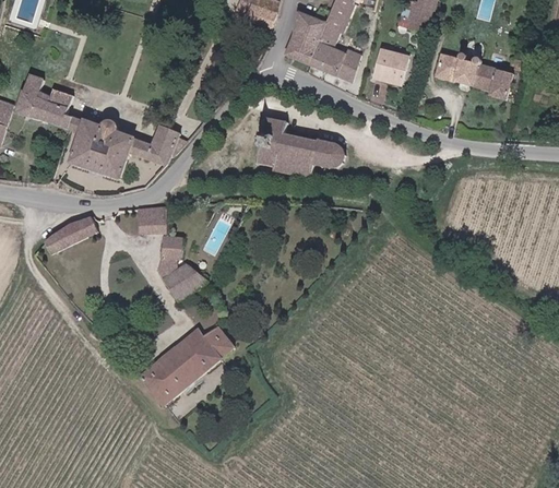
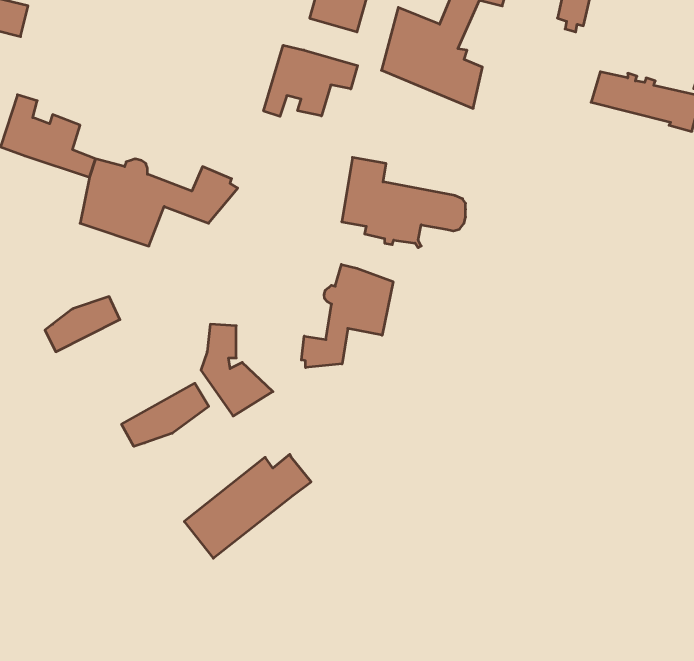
building: none -> [264,45,358,116]
building: [374,50,408,86] -> none
building: none -> [301,264,393,368]
building: [136,205,165,234] -> none
building: none -> [122,383,209,446]

